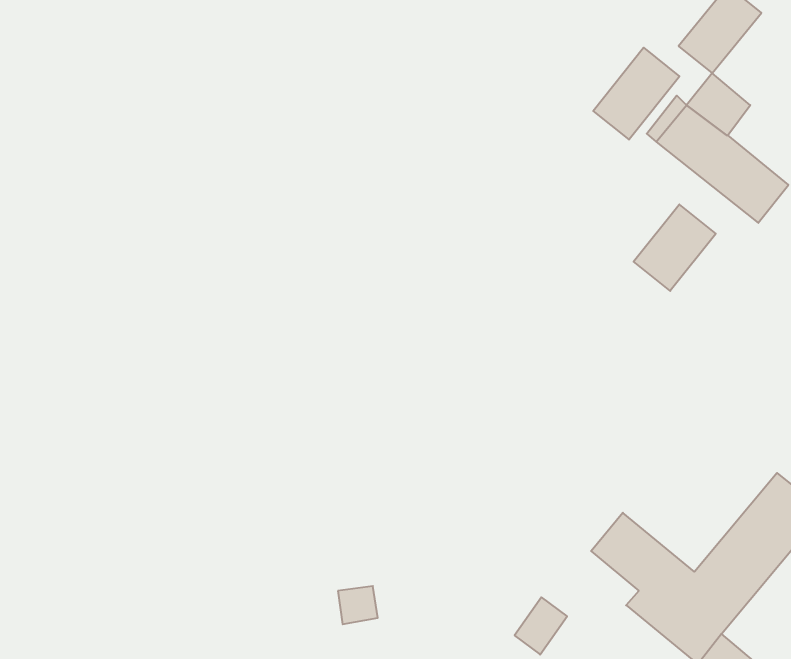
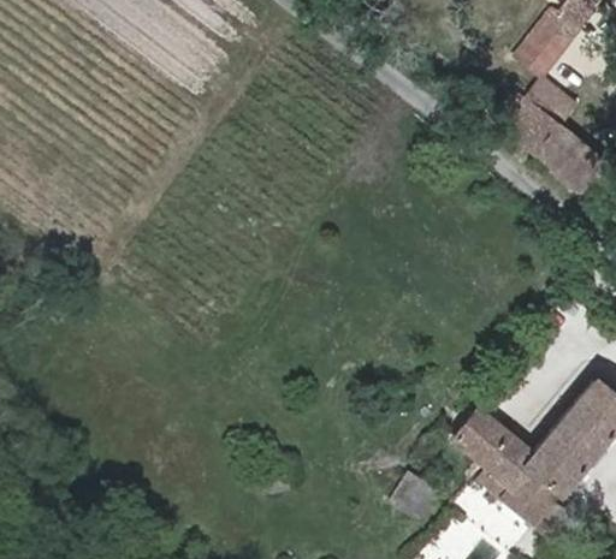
building: [593,48,679,140] -> none
building: [634,204,716,291] -> none

